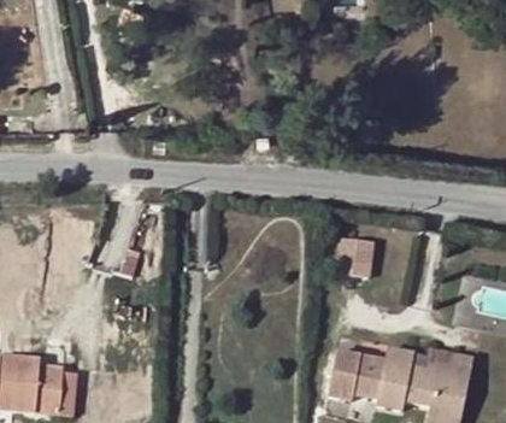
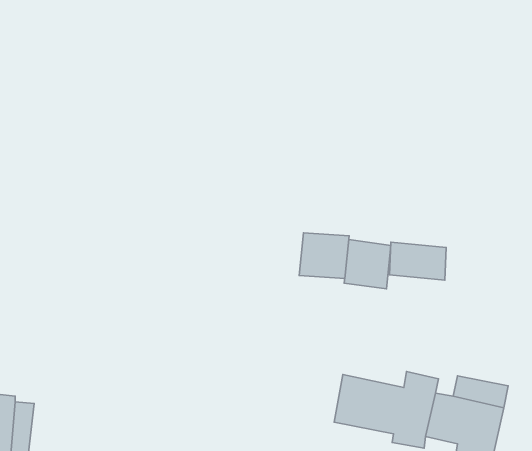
building: none -> [299,233,349,278]
building: none -> [390,242,446,280]

